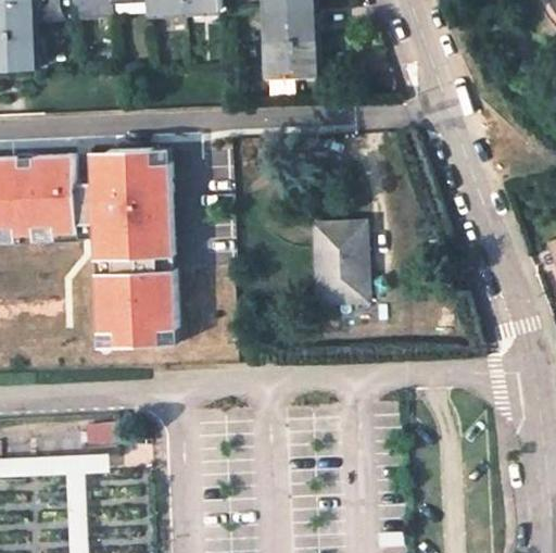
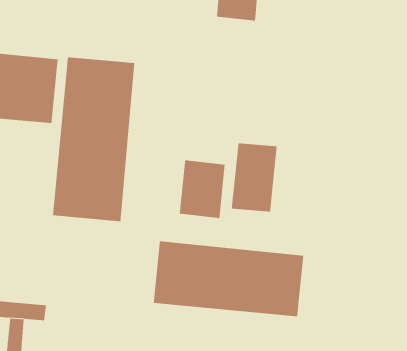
building: none -> [179,159,225,219]
building: none -> [153,241,304,317]

